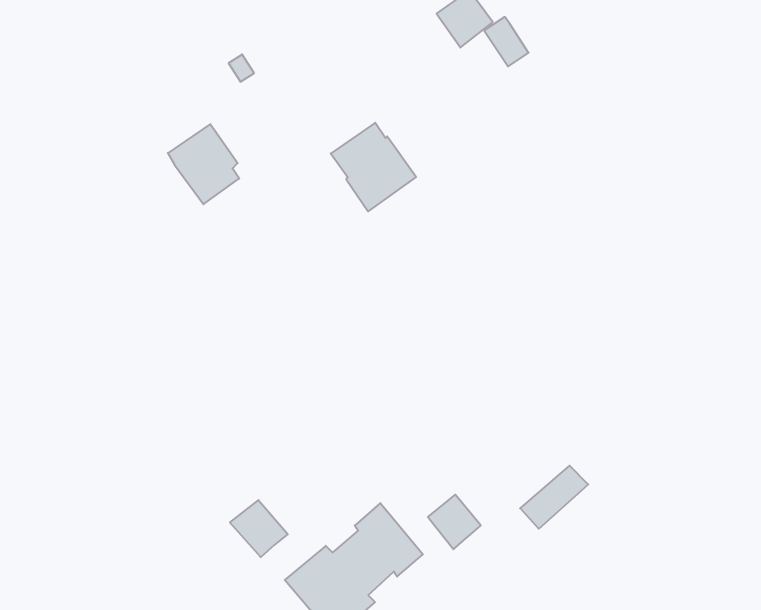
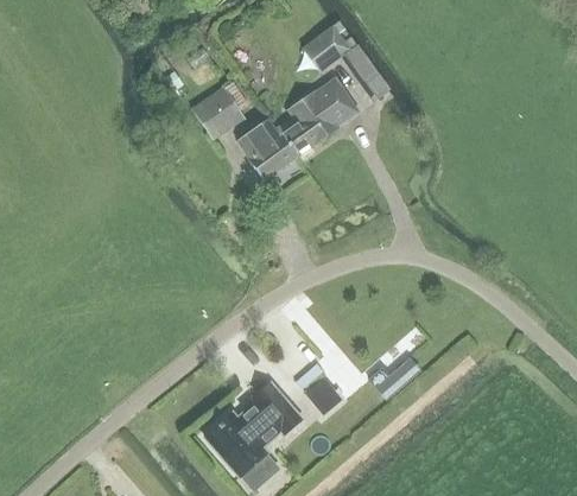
building: none -> [277,78,359,155]
building: [168,124,239,204] -> [194,85,243,141]
building: [230,500,288,557] -> none

